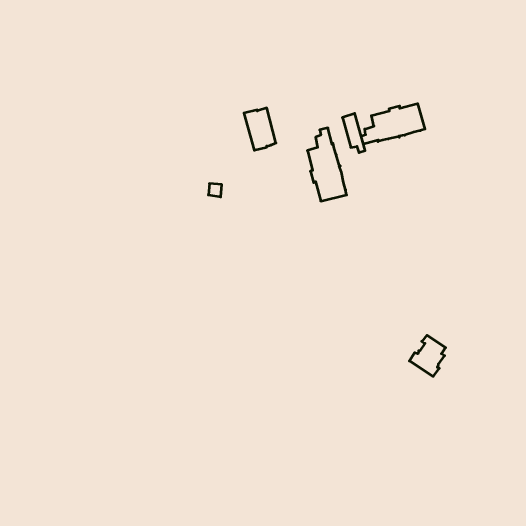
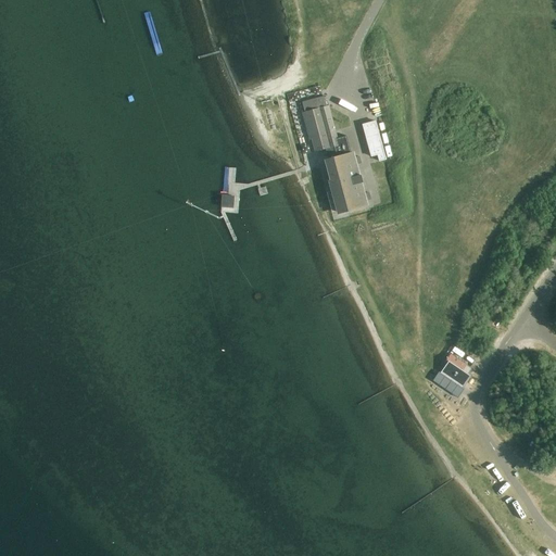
building: [361,104,425,144] -> none
building: [244,108,276,150] -> [304,105,338,150]

